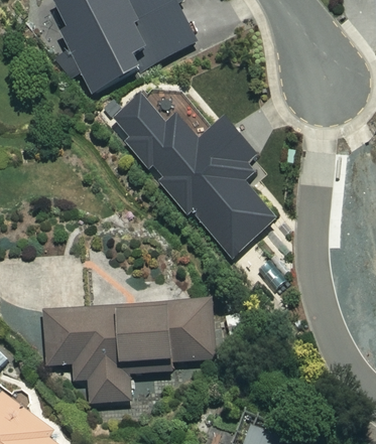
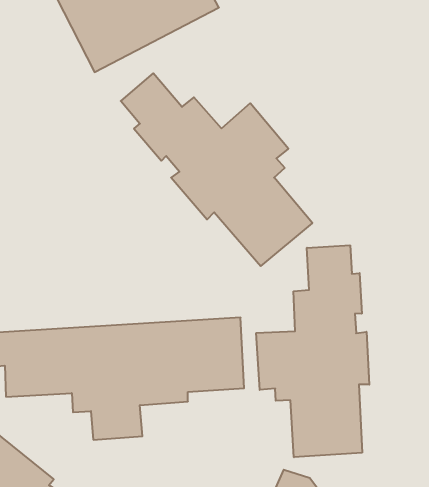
building: none -> [256,245,369,457]

